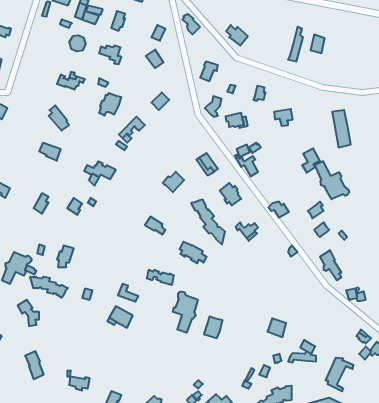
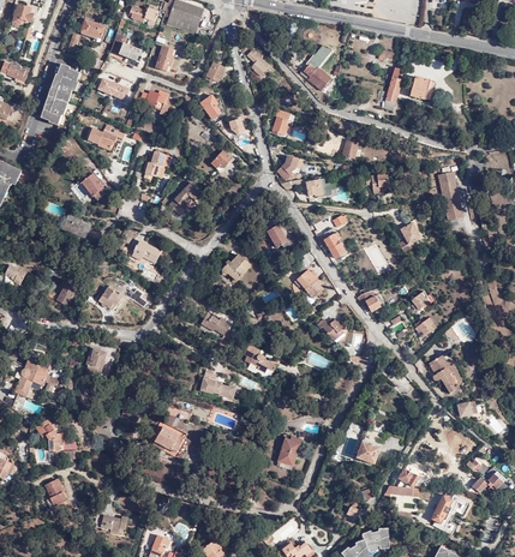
building: none -> [42,64,80,125]
building: [315,161,349,199] -> none
building: [191,199,225,244] -> none
building: [30,277,68,298] -> none
building: [173,292,198,333] -> none

